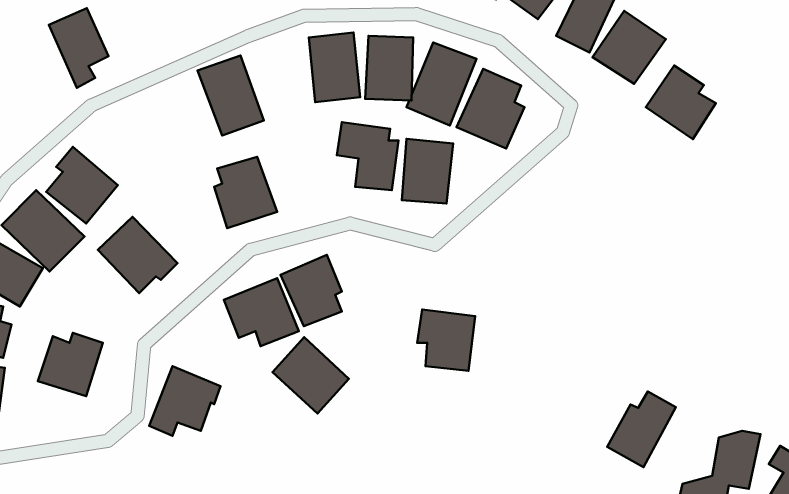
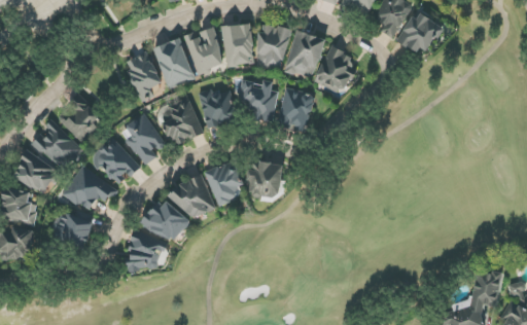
building: [49,8,109,88] -> [124,52,161,102]
building: none -> [184,28,223,72]
building: [646,66,716,139] -> none
building: none -> [199,88,234,127]
building: none -> [119,114,163,166]
building: none -> [63,166,116,211]
building: [417,310,475,371] -> [245,160,281,198]
building: [273,337,349,414] -> [141,197,188,245]
building: [607,391,676,467] -> none

